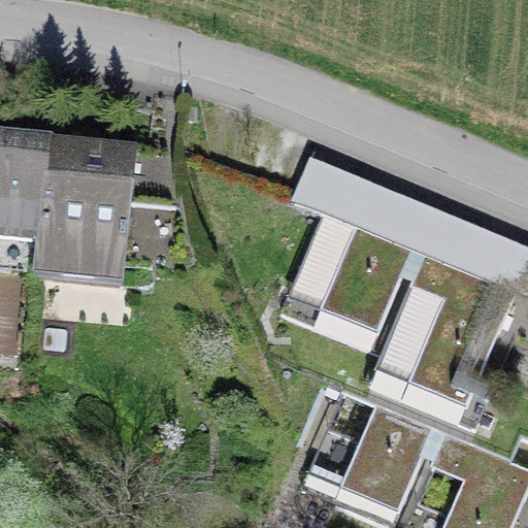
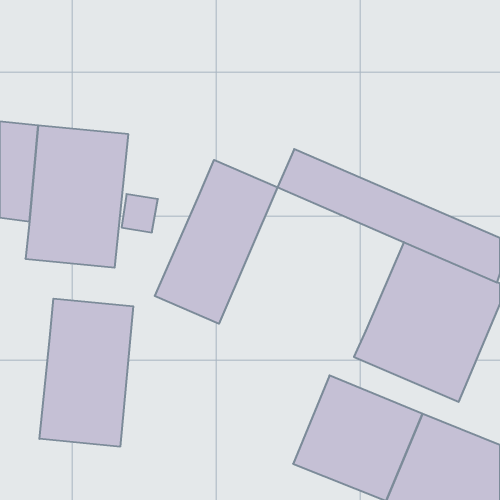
building: none -> [155,160,277,324]
building: [292,216,425,349] -> none
building: none -> [39,299,133,447]

